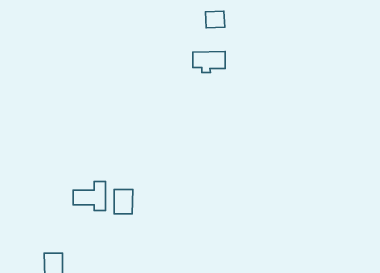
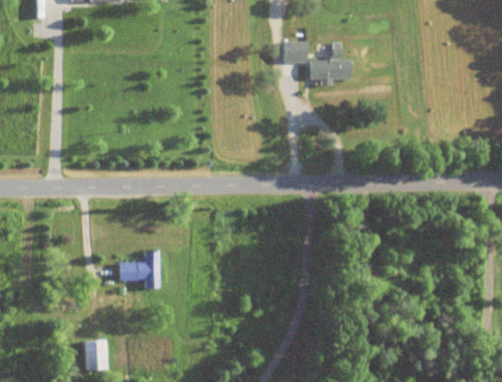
building: [193,51,225,72] -> [311,58,351,84]
building: [114,189,133,214] -> none

